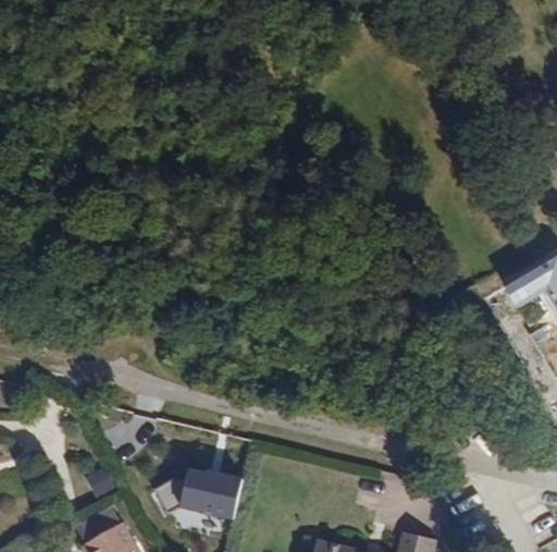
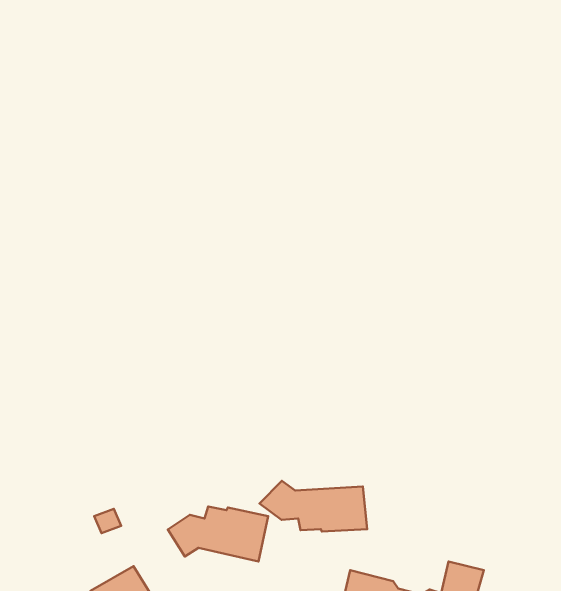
building: none -> [259,481,367,532]

